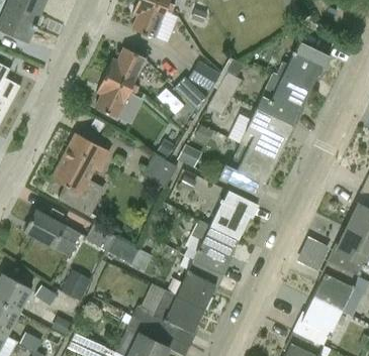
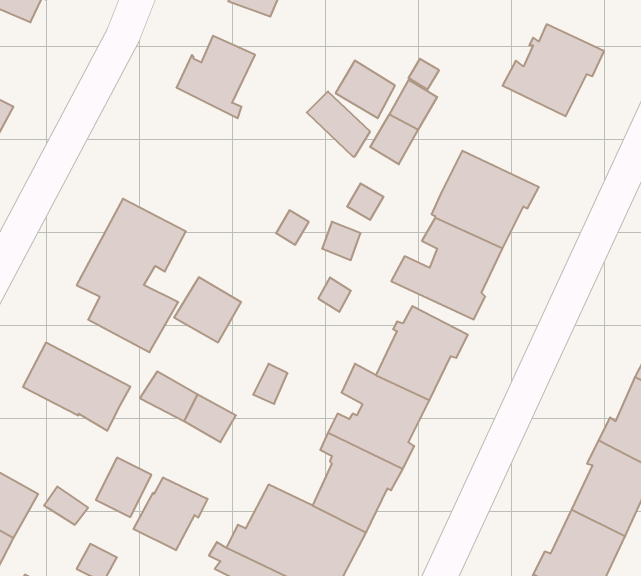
building: [255,73,309,128] -> none
building: [95,76,136,119] -> none
building: [142,154,177,189] -> [174,277,241,342]
building: [299,236,332,270] -> none
building: none -> [134,477,208,550]

